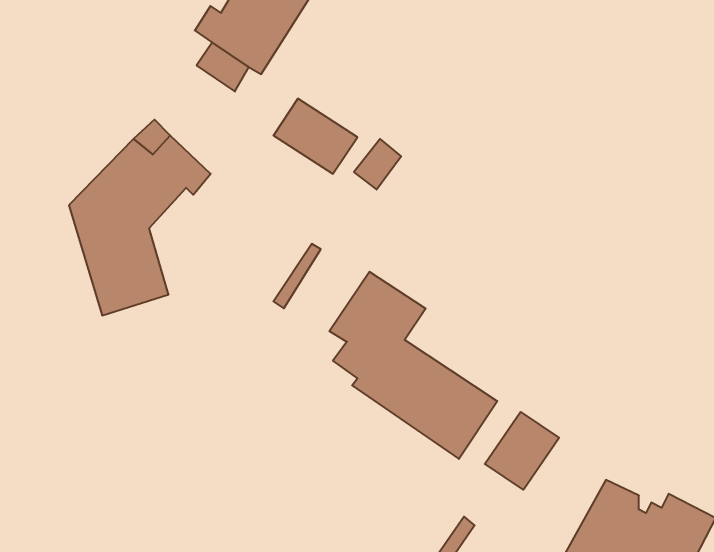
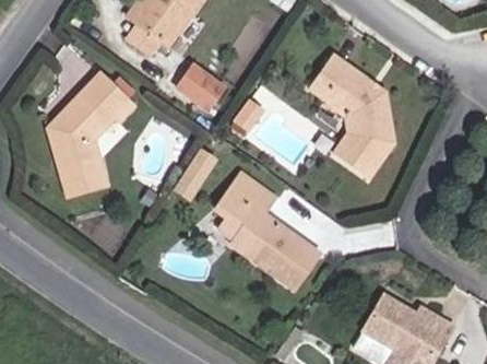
building: none -> [304,55,394,181]
building: [485,412,559,490] -> none

